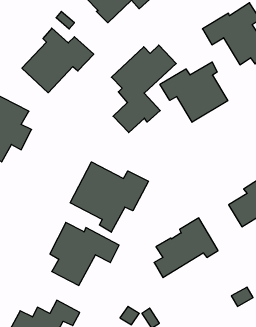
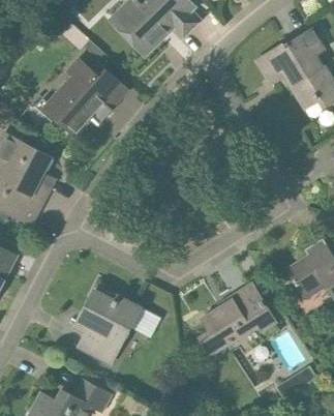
building: [111,45,176,133] -> none
building: [160,62,228,122] -> none
building: [70,162,148,232] -> none

